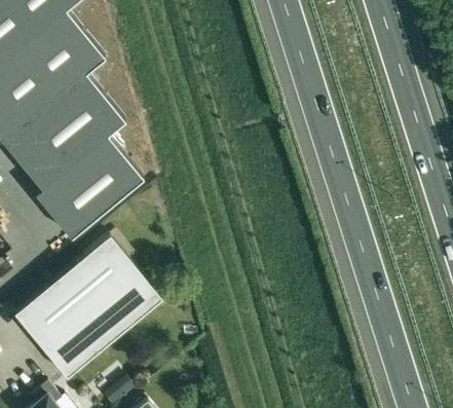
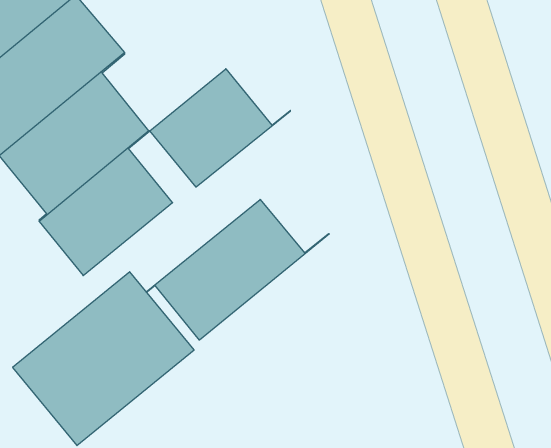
building: none -> [150,69,290,187]
building: none -> [146,199,329,340]

